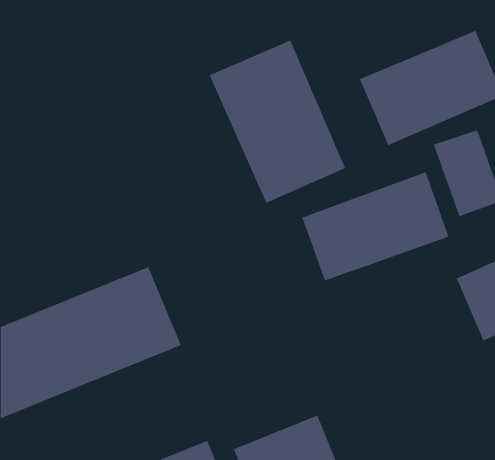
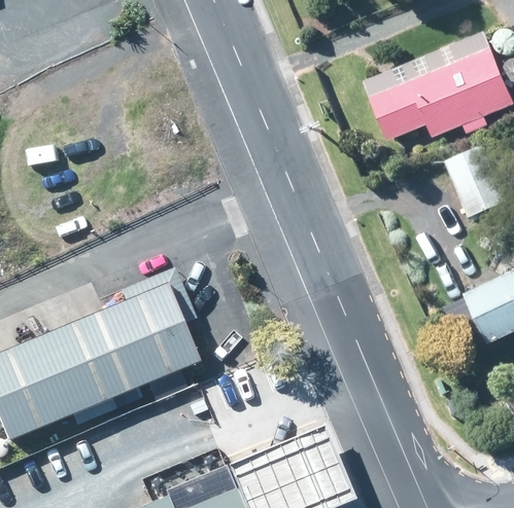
building: [209,40,346,204] -> none
building: [301,171,449,282] -> none

